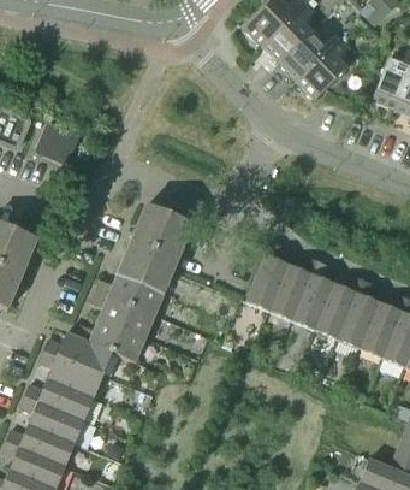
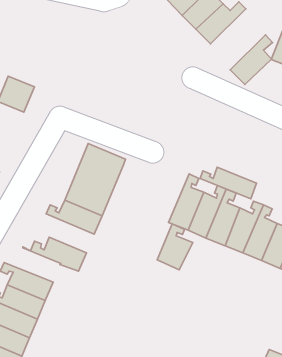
building: [297,37,349,99] -> [230,35,272,84]
building: none -> [200,167,257,199]
building: [90,290,154,338] -> none
building: none -> [157,224,193,270]
building: [43,332,113,374] -> none

